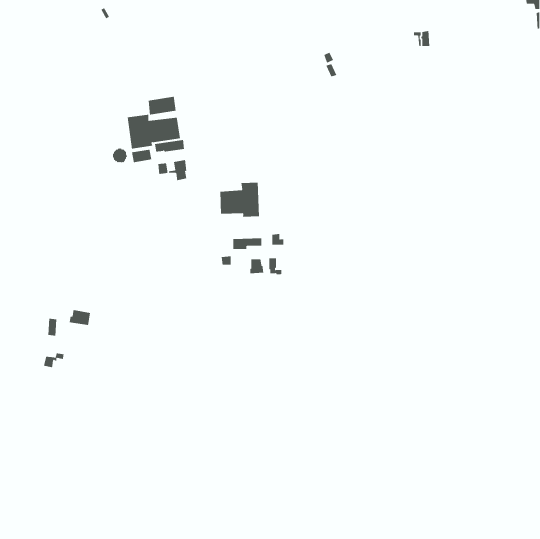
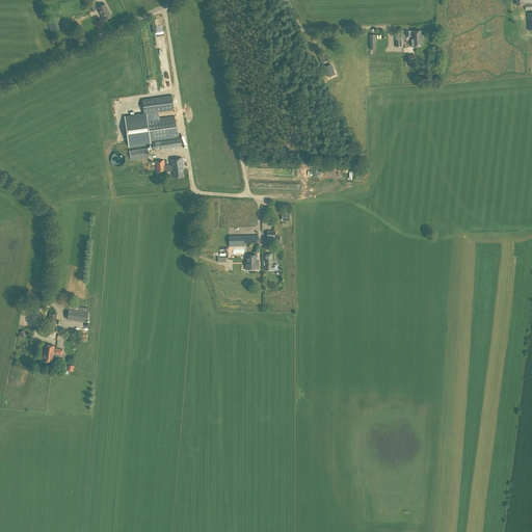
building: [220,182,260,217] -> none

